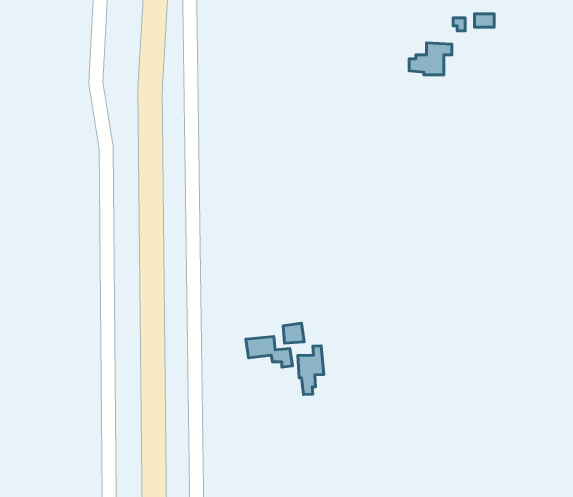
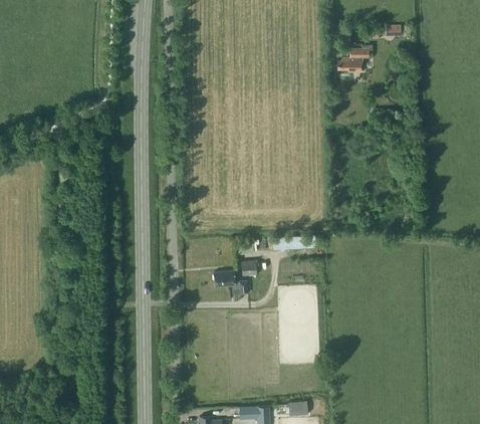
building: [298,346,324,394] -> none

